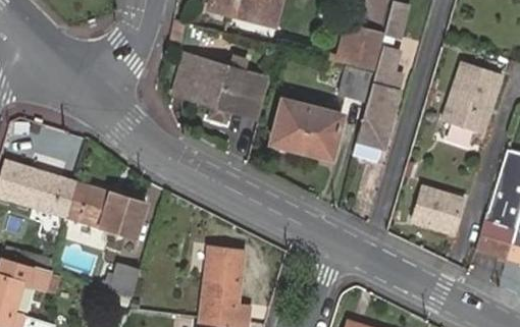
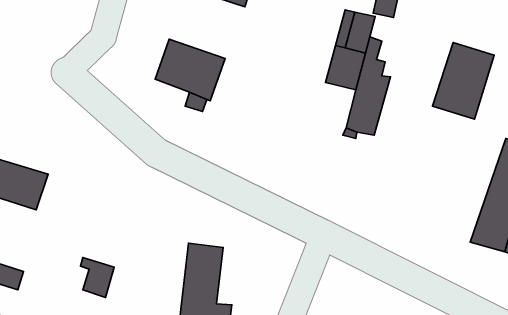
building: [229,73,270,124] -> none
building: [271,100,344,159] -> none
building: [65,182,145,236] -> none
building: [413,184,465,232] -> none

